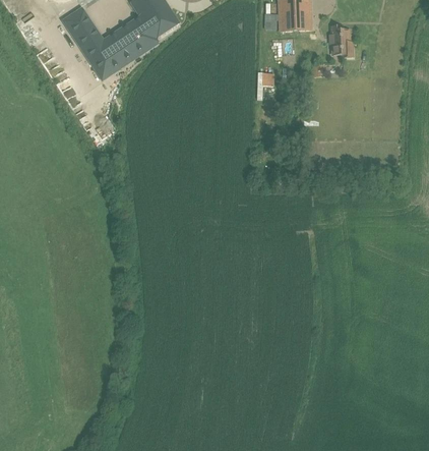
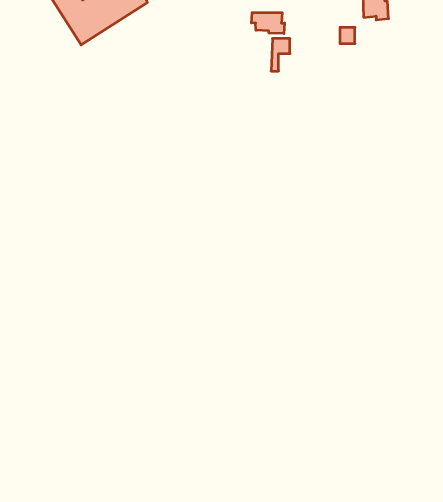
building: none -> [251,13,285,34]

